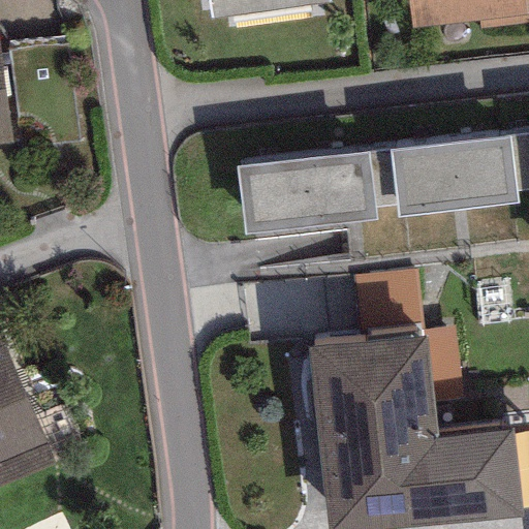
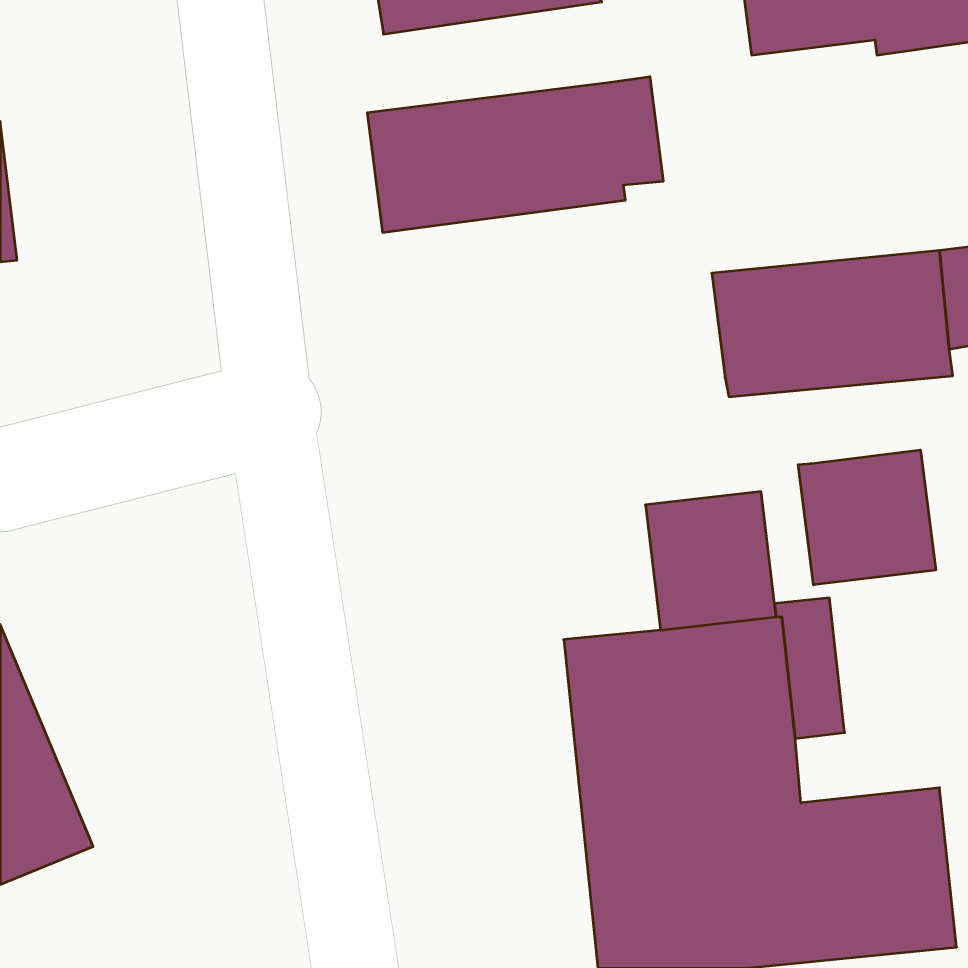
building: [235,149,396,234] -> [367,77,663,232]
building: none -> [798,450,936,585]

